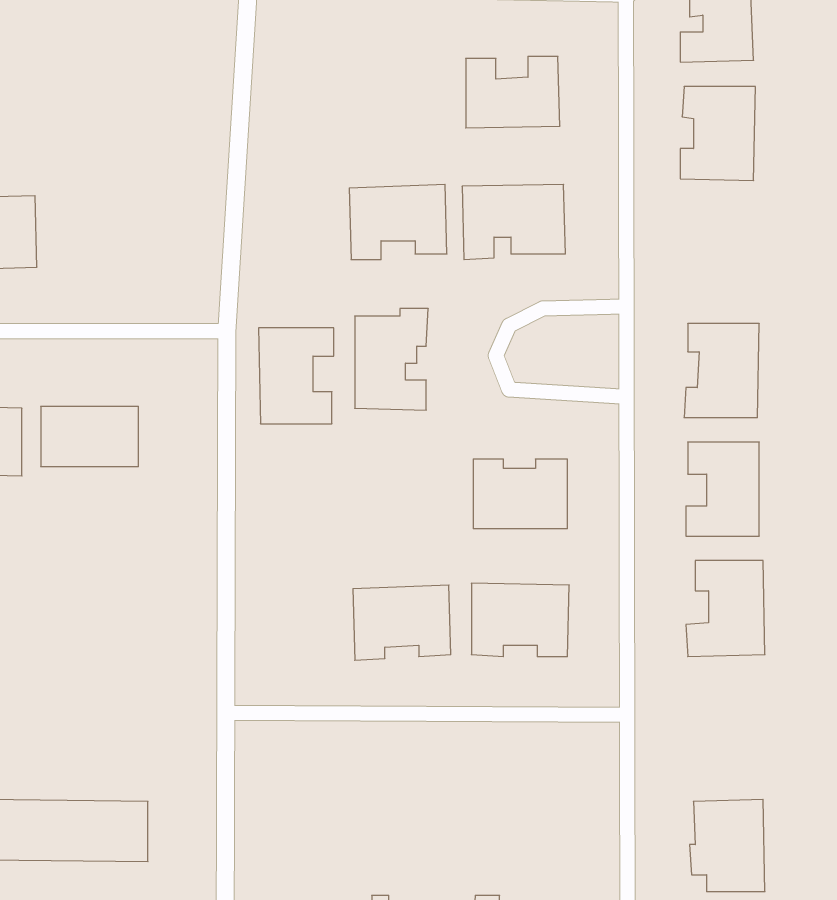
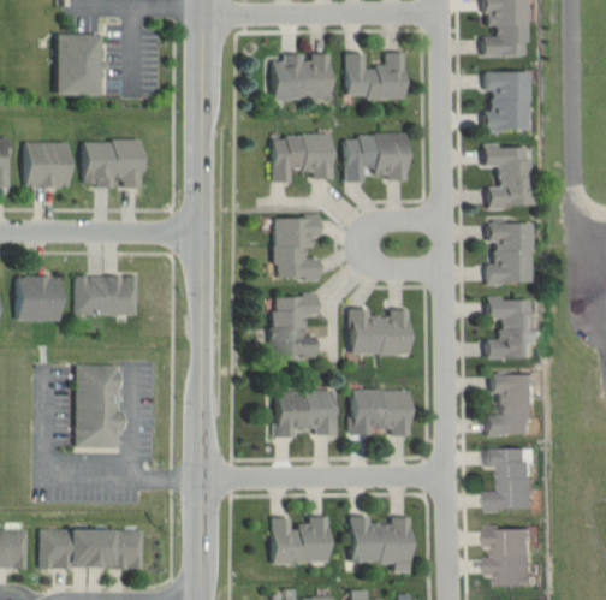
building: none -> [57,35,103,96]
building: none -> [272,54,331,100]
building: none -> [82,141,143,189]
building: none -> [483,143,533,208]
building: [259,328,334,424] -> [271,296,319,357]
building: none -> [75,364,121,448]
building: none -> [487,448,541,512]
building: none -> [271,517,329,564]
building: none -> [350,517,412,572]

